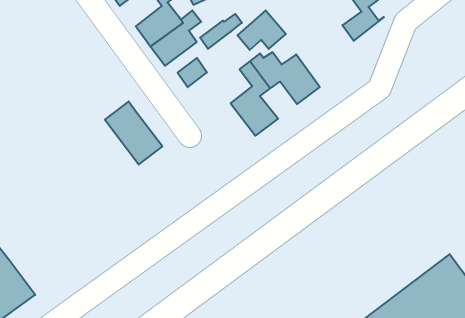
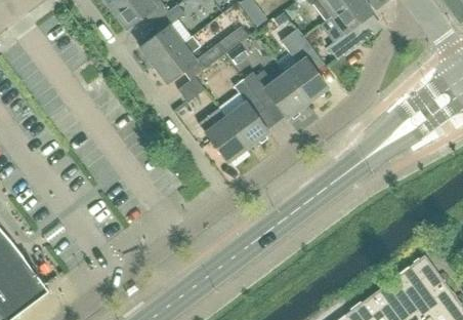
building: none -> [280,28,327,103]
building: [105,101,162,165] -> [196,106,248,163]

